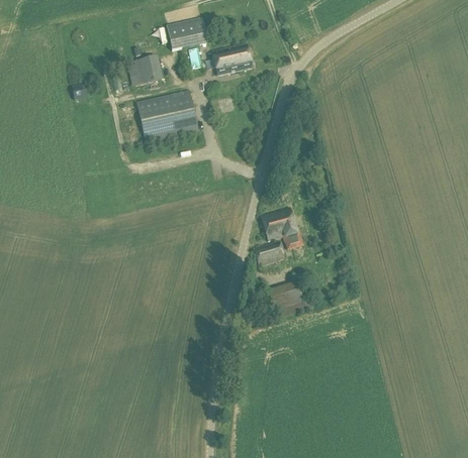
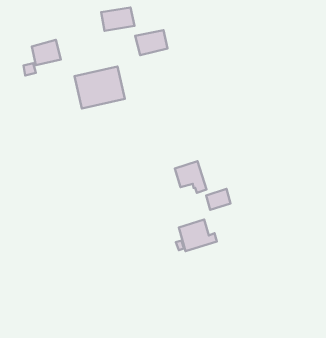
building: [127,55,164,87] -> [32,40,61,65]
building: [254,240,284,266] -> [206,189,230,210]

